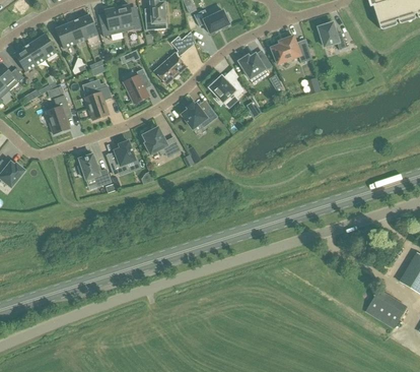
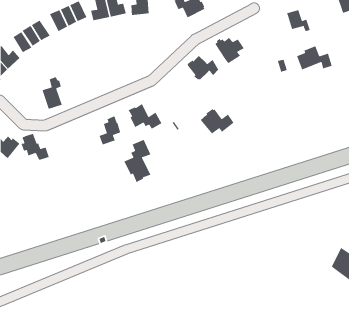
building: [154,36,189,83] -> none
building: [271,36,311,64] -> [296,45,333,71]
building: [122,68,151,105] -> none
building: [83,85,112,120] -> none
building: [179,100,217,129] -> [200,108,235,135]
building: [78,153,111,185] -> [21,133,50,161]
building: none -> [123,139,152,183]

